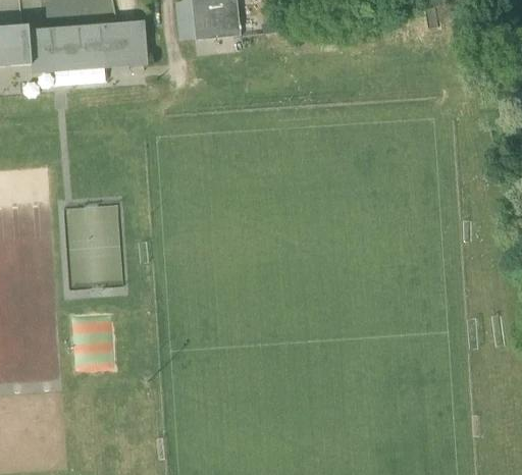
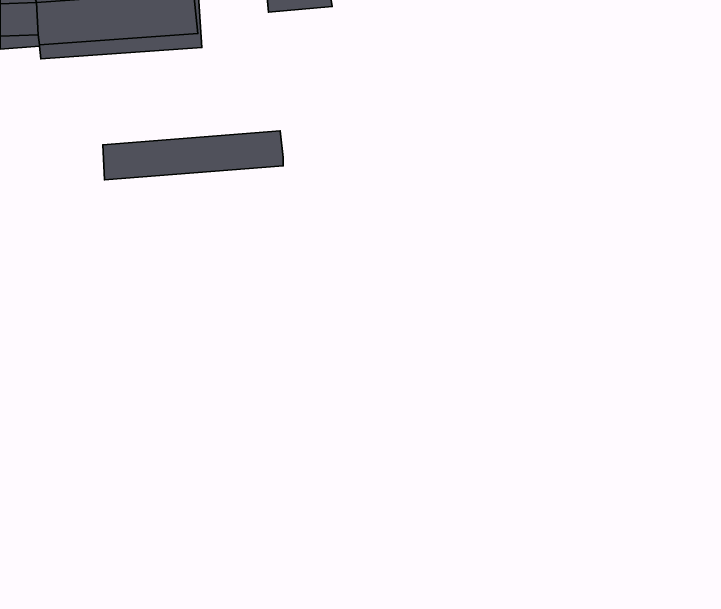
building: none -> [103,131,283,180]

